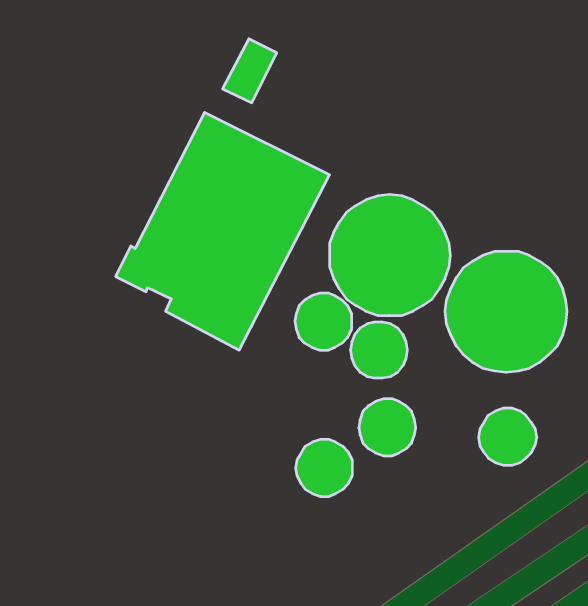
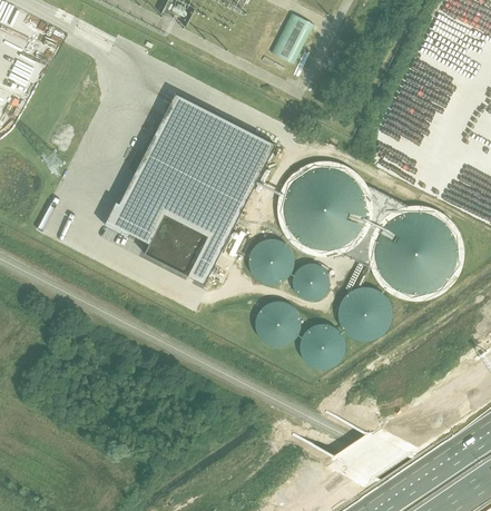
building: [223,39,277,103] -> [269,12,313,63]
building: [479,408,537,465] -> [341,291,387,336]
building: [296,439,352,496] -> [253,301,298,346]

